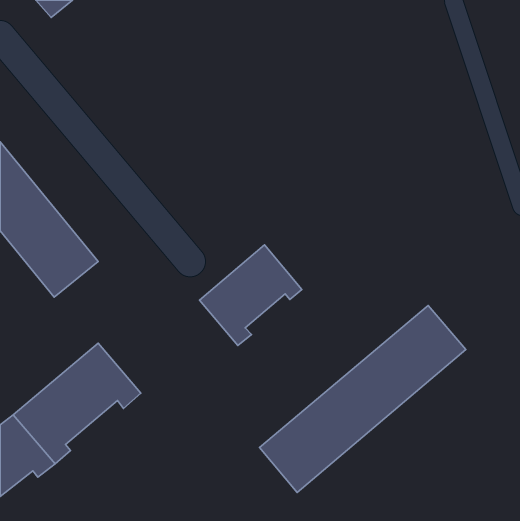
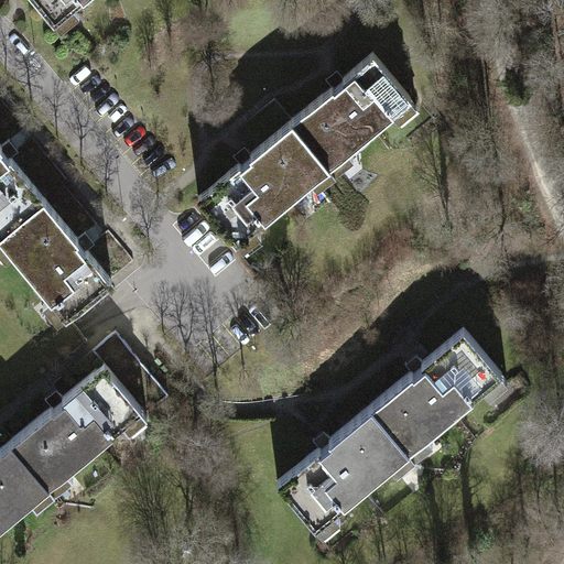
building: none -> [196,57,409,246]
building: [200,245,302,346] -> none

